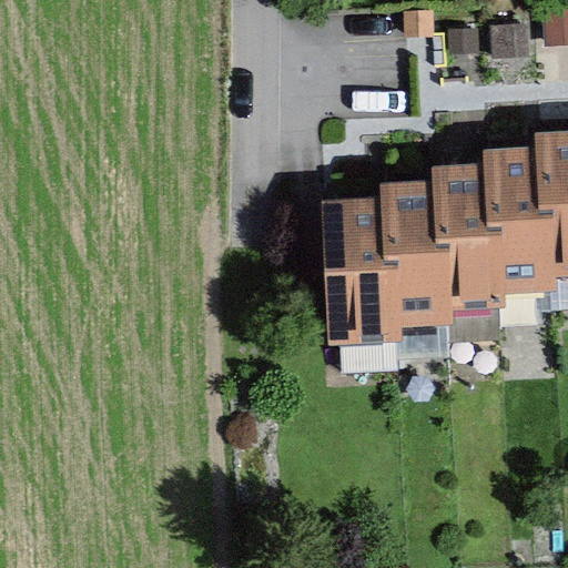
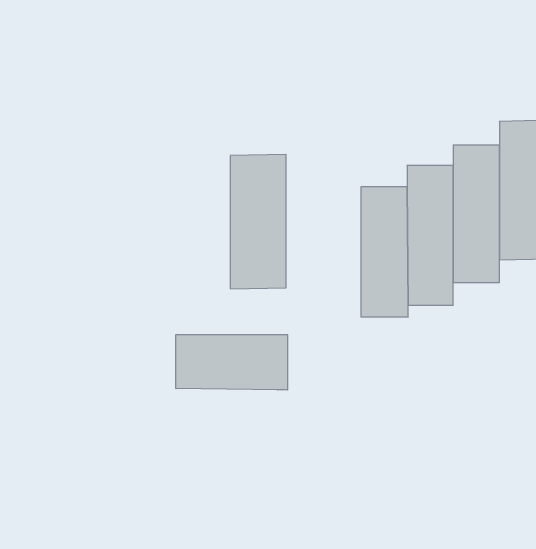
building: [328,217,386,356] -> [230,154,286,289]
building: none -> [176,335,288,390]

